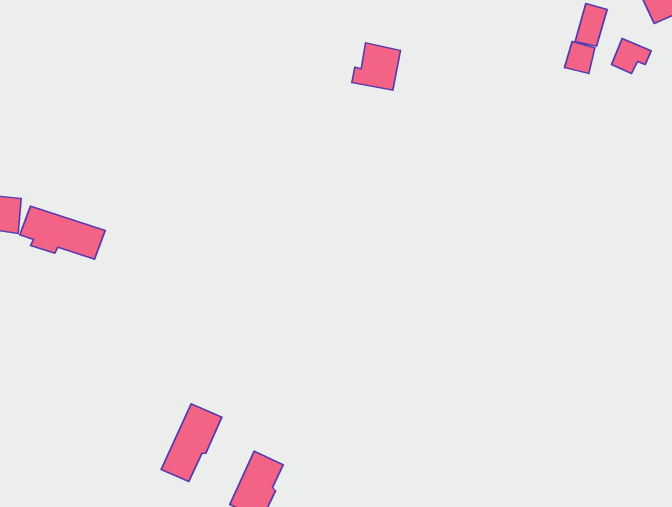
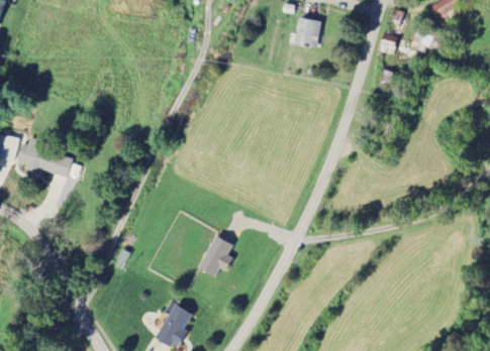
building: [352,43,401,90] -> [289,16,321,47]
building: none -> [199,235,232,276]
building: [161,404,222,482] -> none

